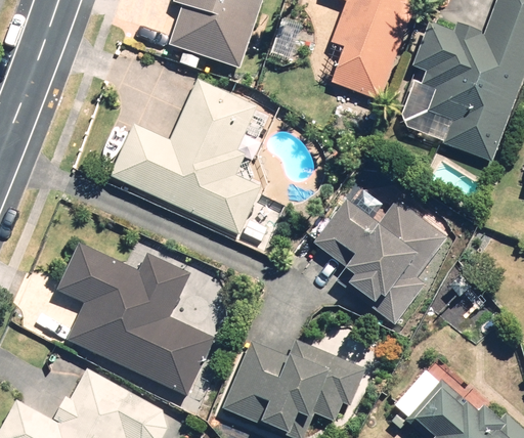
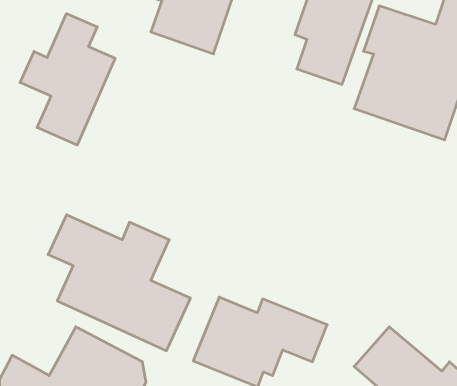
building: none -> [20,14,115,145]
building: [111,79,268,243] -> none
building: [314,199,450,309] -> none

